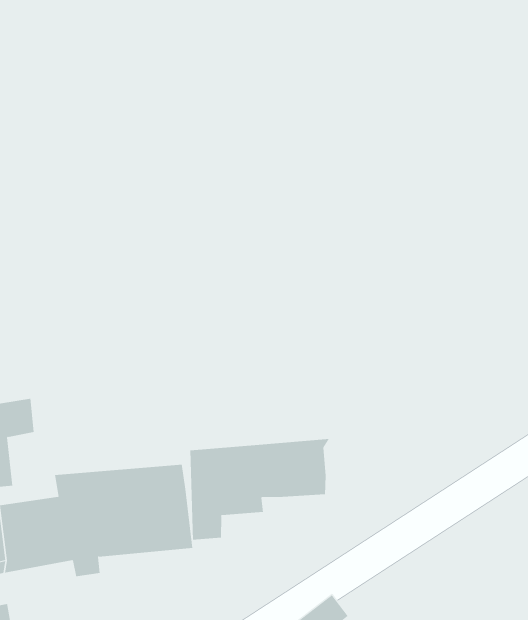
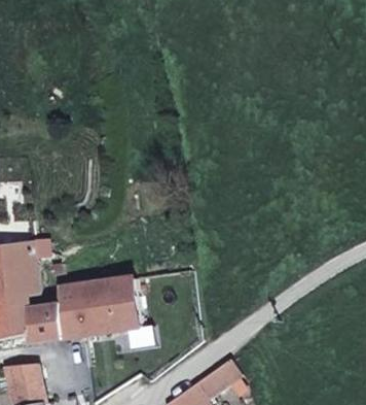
building: [190,438,330,541] -> none

